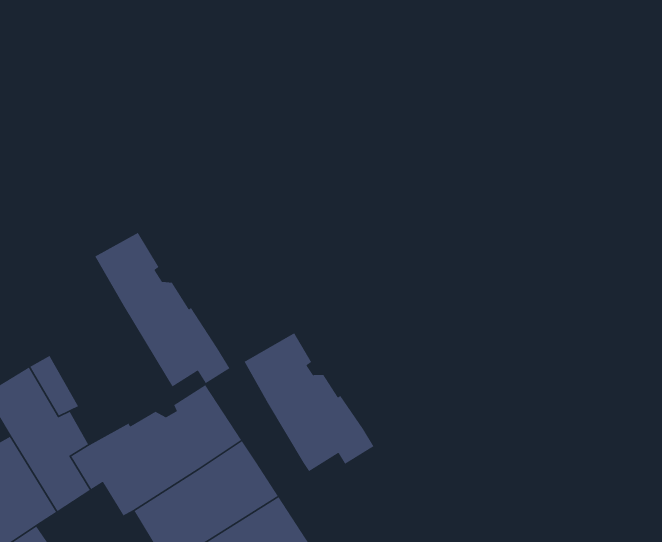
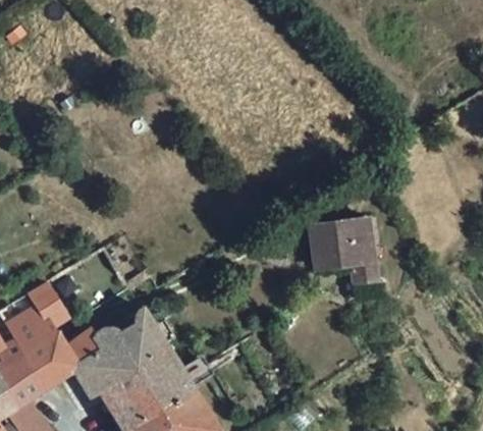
building: [94,232,231,387] -> none
building: none -> [309,210,383,278]
building: [243,332,374,472] -> none

